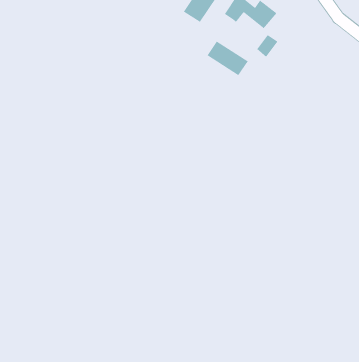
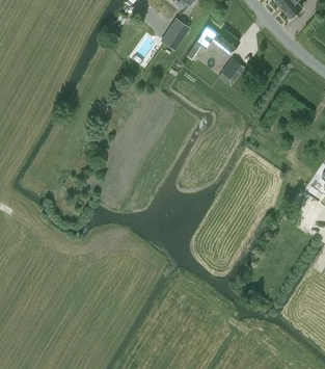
building: [206,40,249,76] -> none

